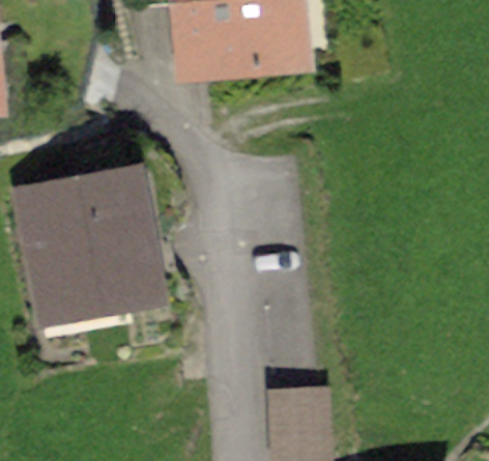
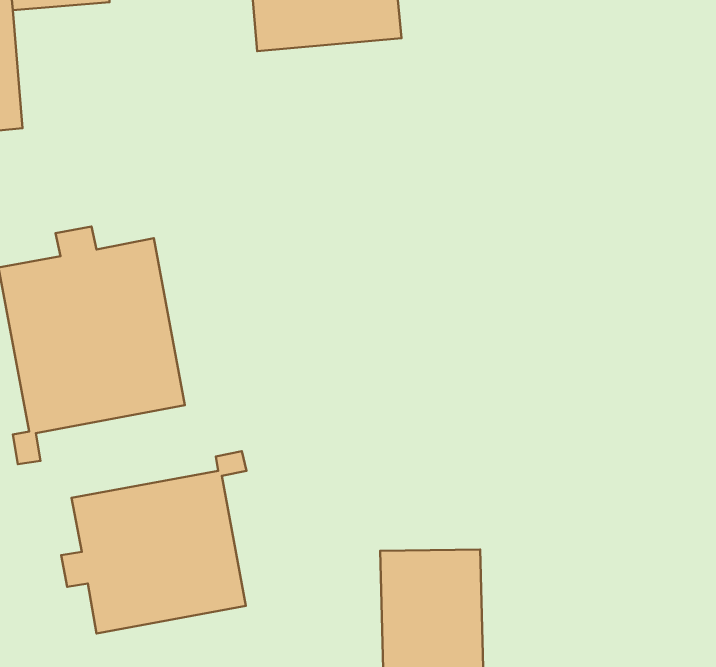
building: none -> [61,451,246,634]

